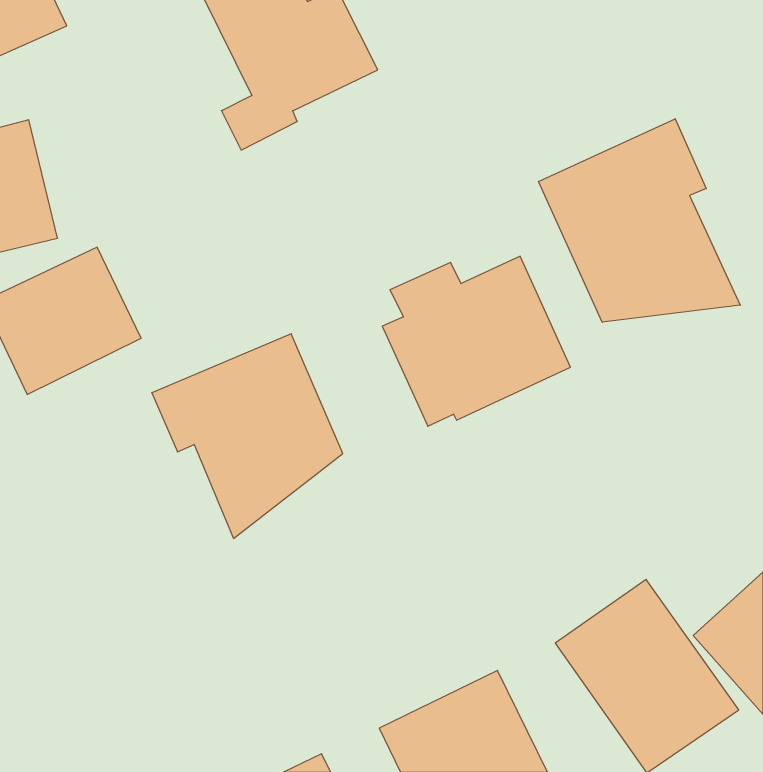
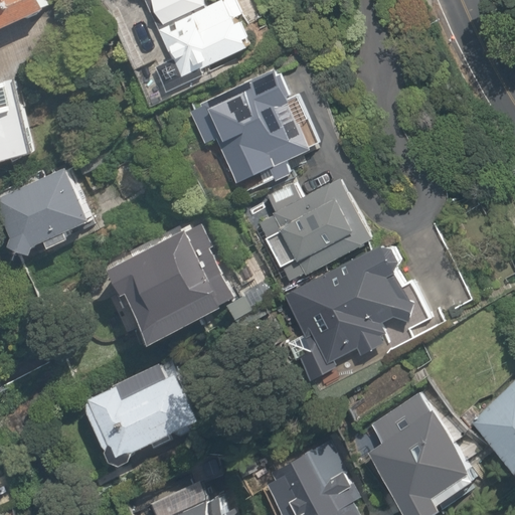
building: none -> [183,62,342,186]
building: [539,119,740,322] -> none
building: none -> [276,242,424,383]
building: none -> [77,370,194,466]

